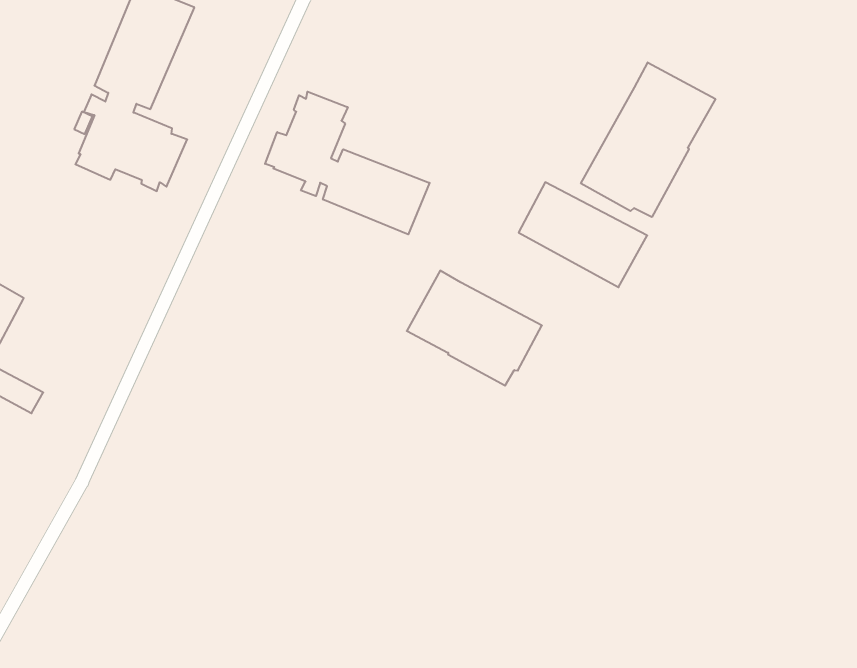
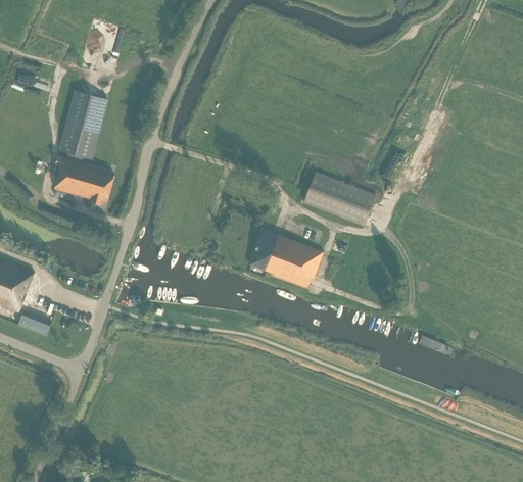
building: [581,62,715,217] -> none
building: [265,92,430,234] -> none

